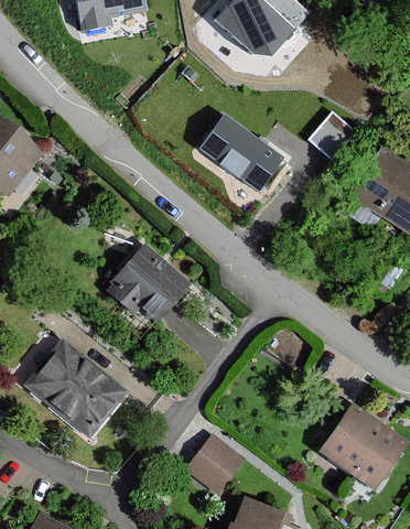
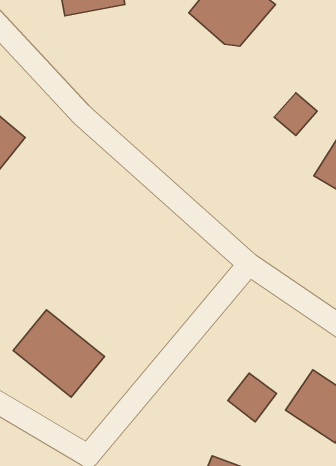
building: [193,111,285,196] -> none
building: [107,244,191,323] -> none
building: [187,438,240,490] -> [228,373,277,422]

